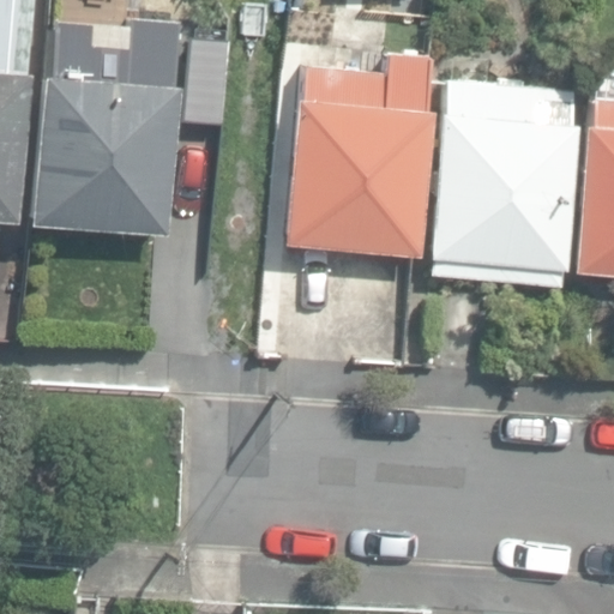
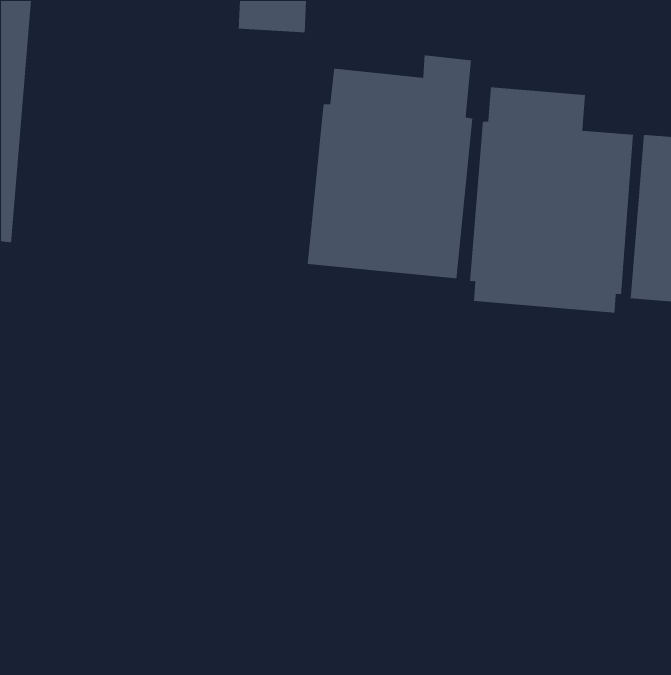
building: [30,19,185,235] -> none

